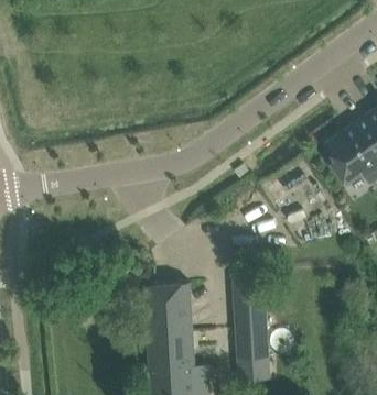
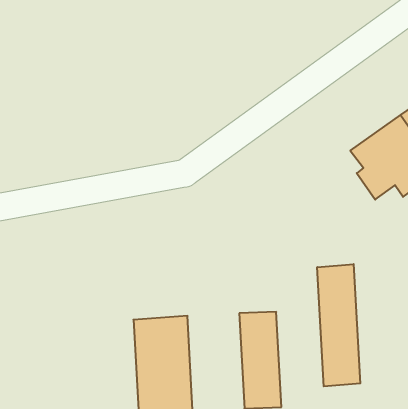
building: none -> [317,264,360,386]

